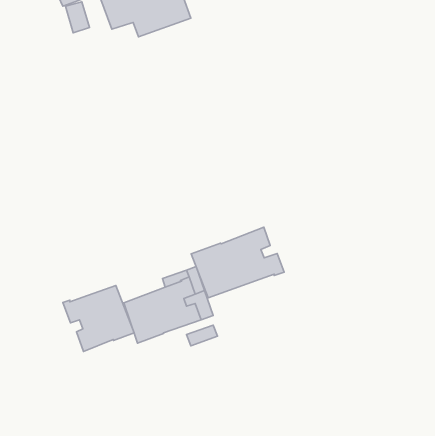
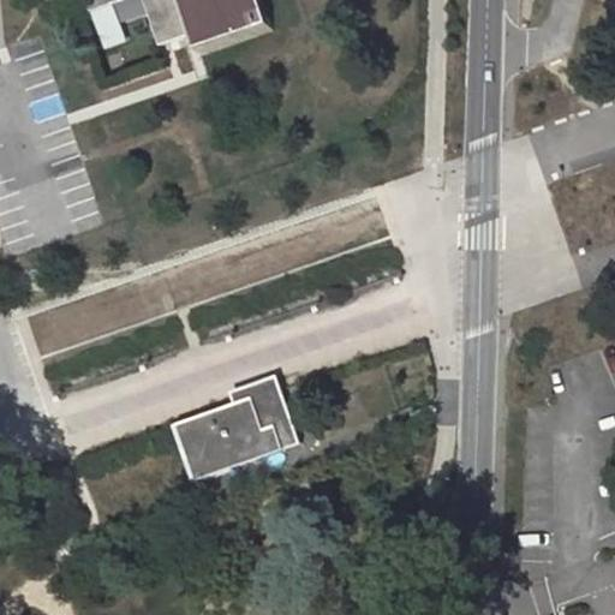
building: [191,227,284,298] -> none
building: [63,285,134,351] -> none

